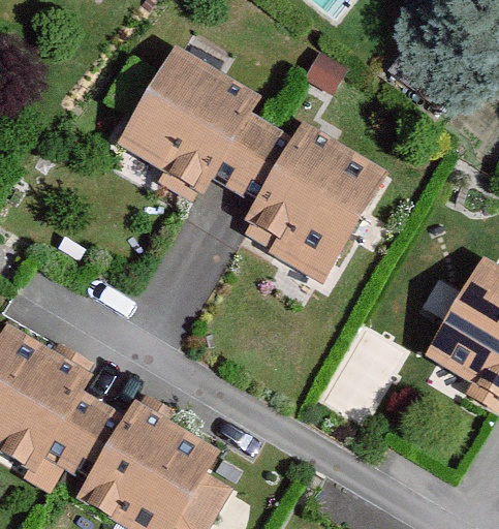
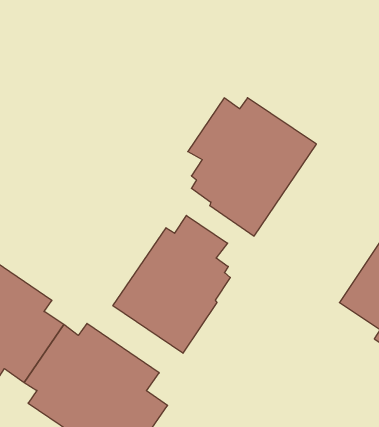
building: [119,46,276,200] -> none
building: none -> [113,215,230,353]

